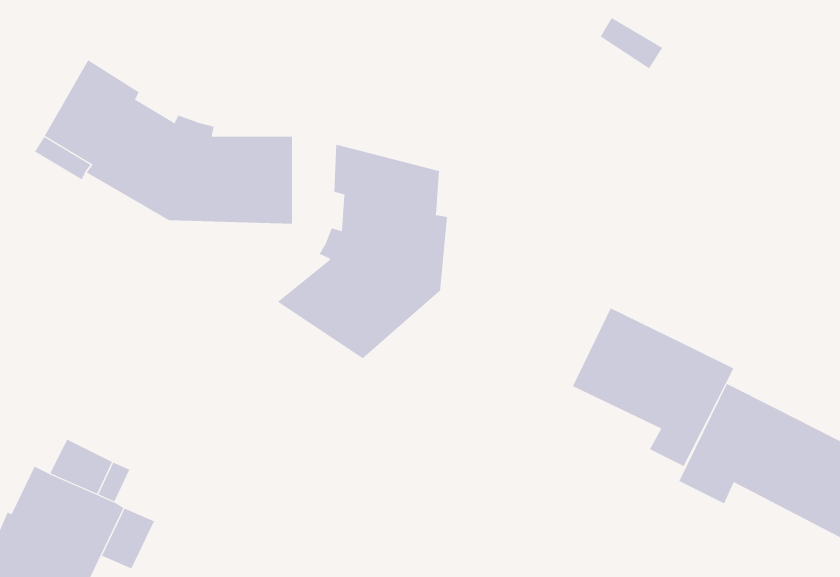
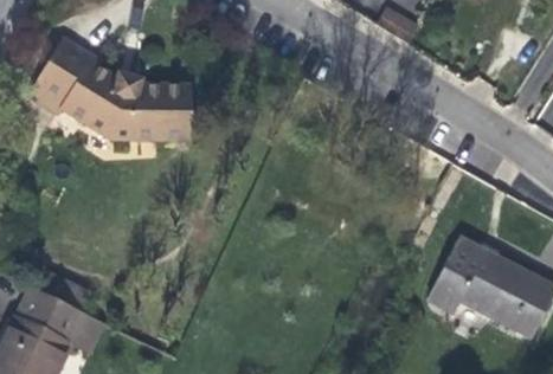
building: [277,144,448,359] -> none
building: [572,307,734,467] -> none

